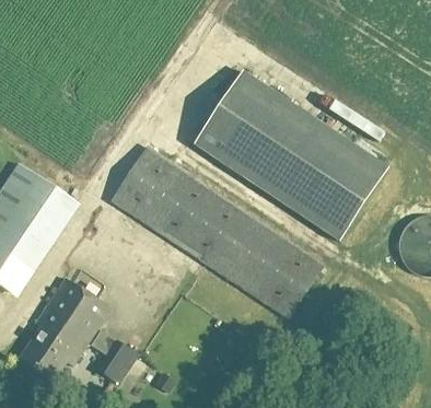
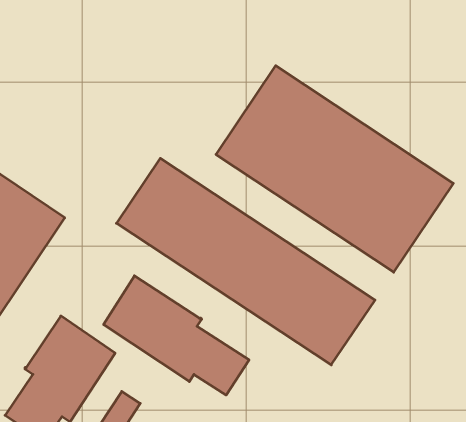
building: none -> [104,276,249,395]

